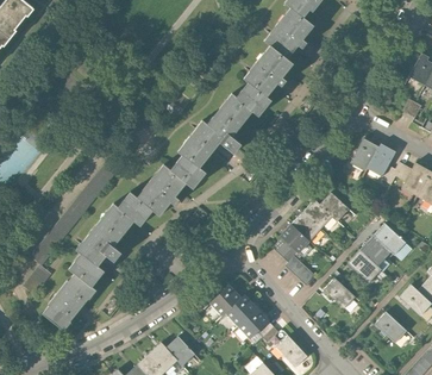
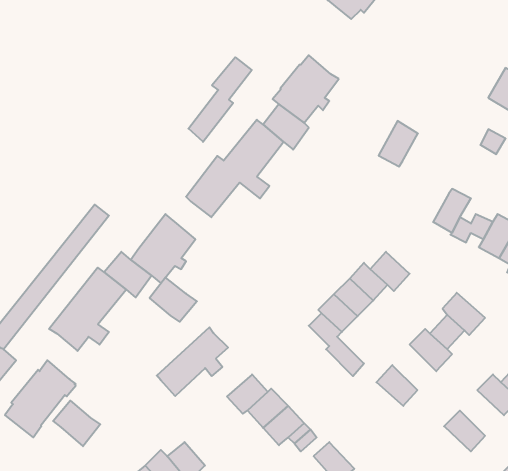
building: [267,6,315,57] -> none
building: none -> [188,57,252,142]
building: [349,138,378,173] -> [379,121,418,167]
building: [171,154,207,187] -> [150,278,197,322]
building: none -> [157,327,228,396]
building: [69,254,105,288] -> [53,401,100,446]

